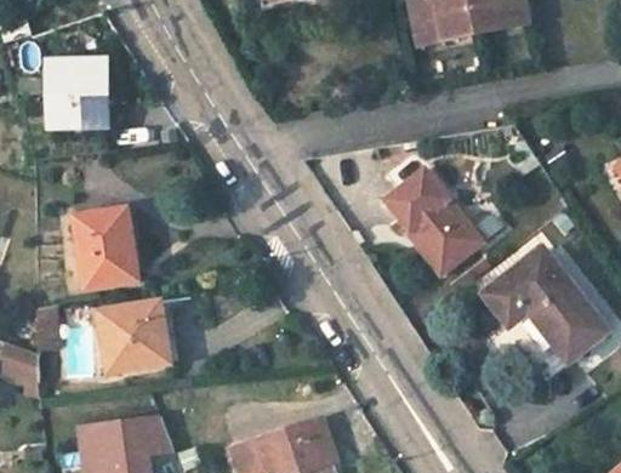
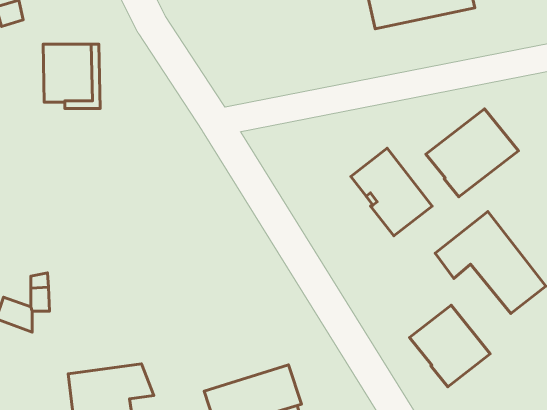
building: none -> [426,109,518,197]
building: [69,209,136,289] -> none
building: [96,301,169,372] -> none
building: none -> [409,305,490,387]

